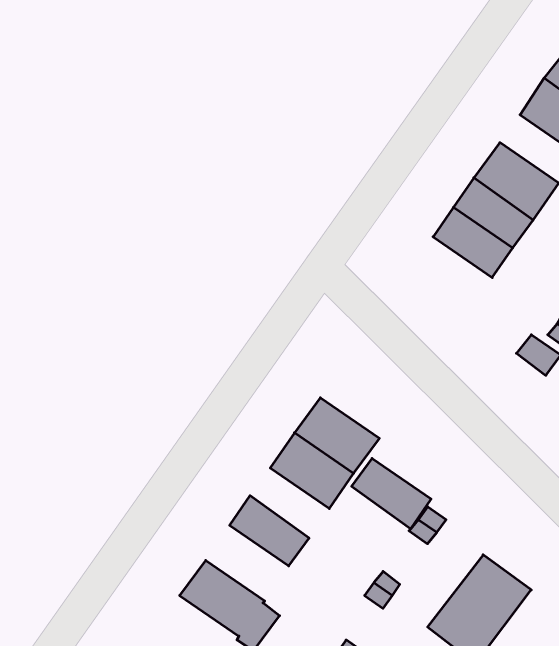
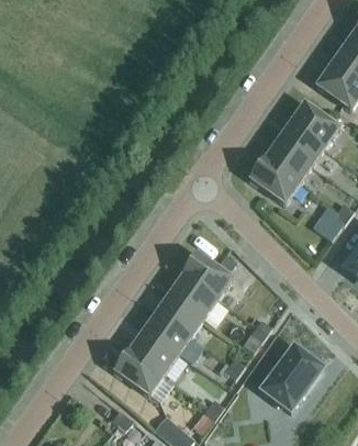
building: none -> [250,157,300,203]
building: [352,458,431,529] -> [156,294,203,336]
building: none -> [130,328,179,373]

